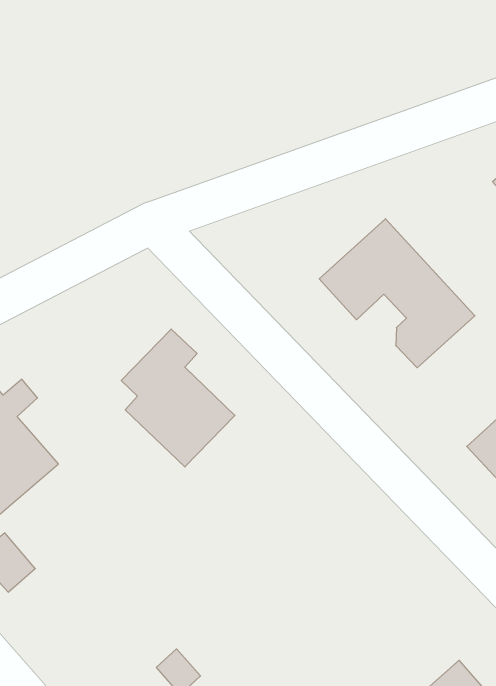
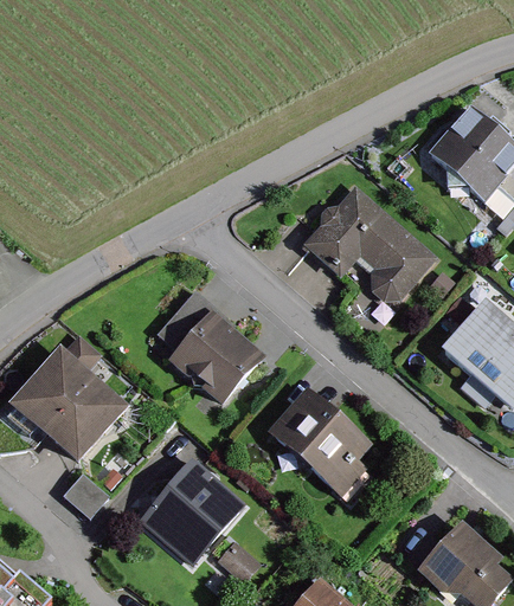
building: none -> [269,392,364,492]
building: none -> [144,463,243,563]

